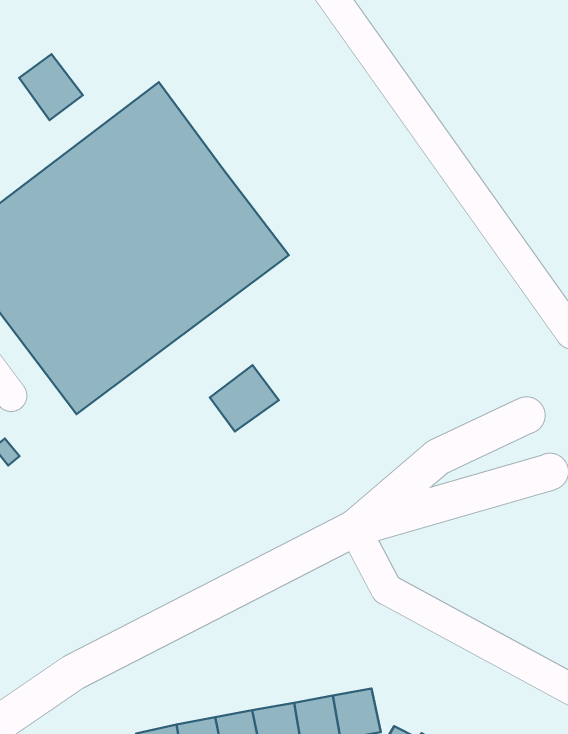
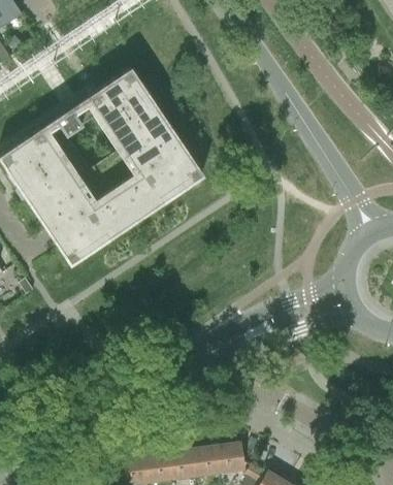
building: [19,54,83,120] -> none
building: [210,365,279,432] -> none

